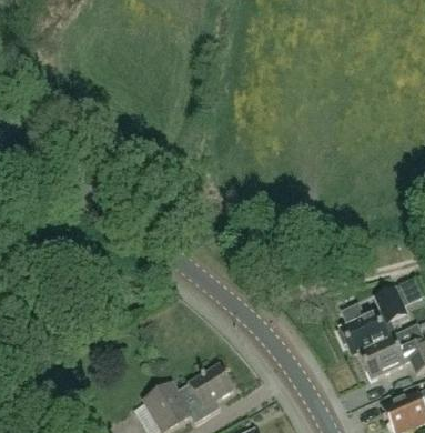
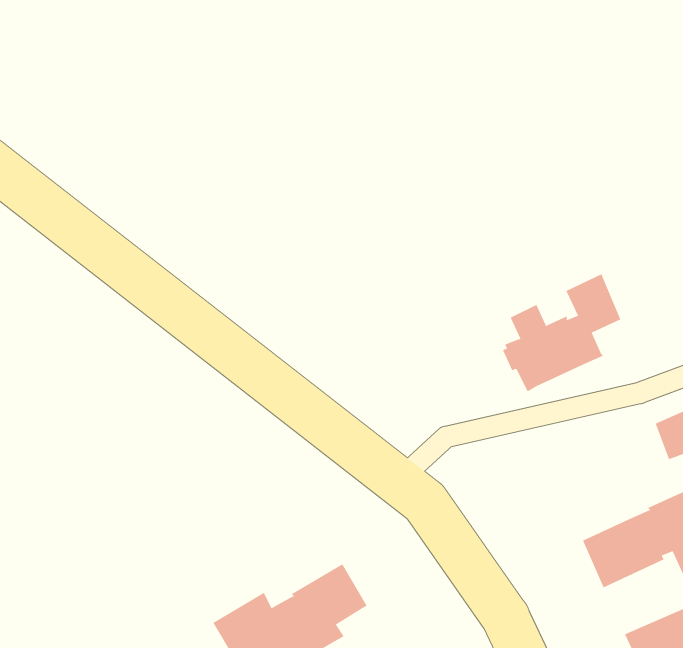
building: [338,285,407,354] -> [502,274,621,392]

